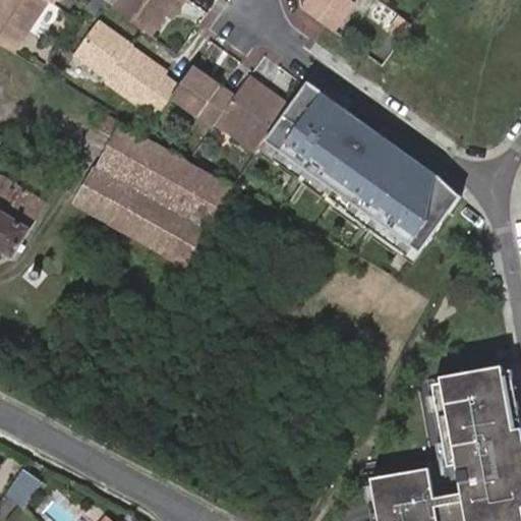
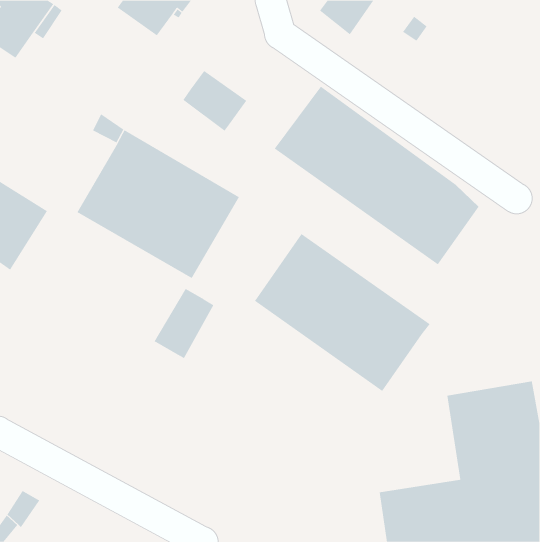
building: [73,21,182,119] -> none
building: [219,76,290,151] -> none
building: none -> [254,233,430,392]
building: none -> [154,288,214,359]

